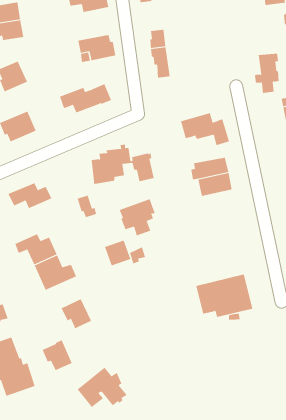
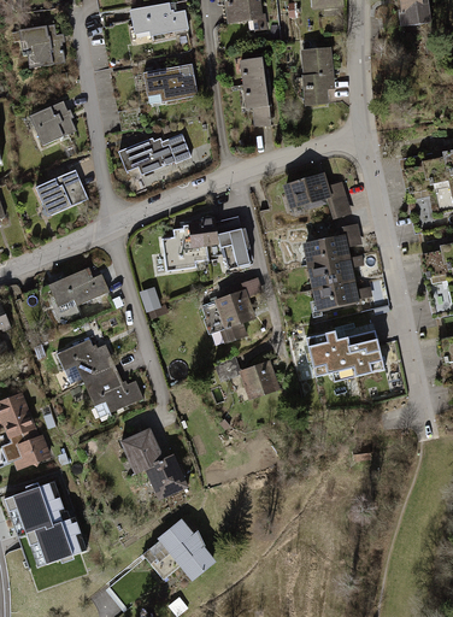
building: [254,53,280,94] -> [296,48,331,104]
building: none -> [313,278,363,312]
building: [104,240,131,266] -> [240,362,277,398]
building: [195,274,253,318] -> [305,321,384,381]
building: [42,339,73,371] -> [145,453,187,496]

